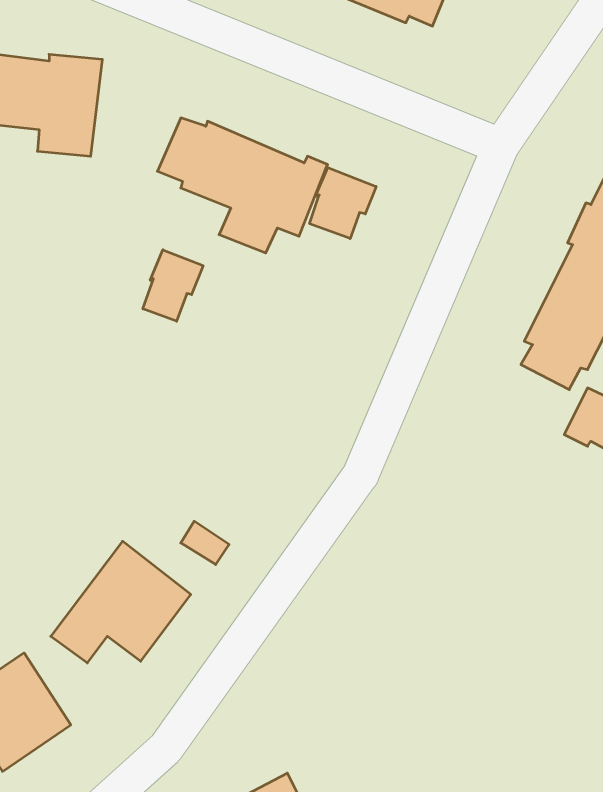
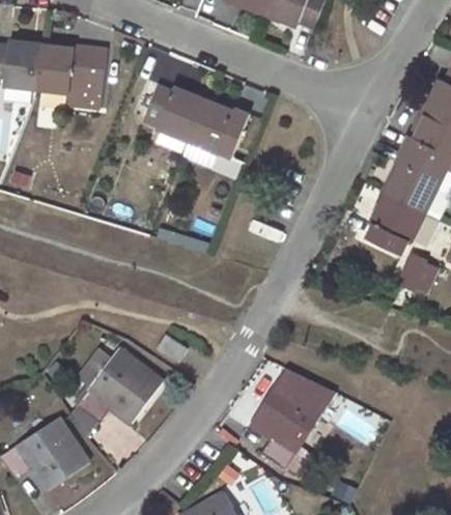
building: [310,167,376,239] -> none
building: [143,250,203,321] -> none
building: none -> [250,368,334,467]

